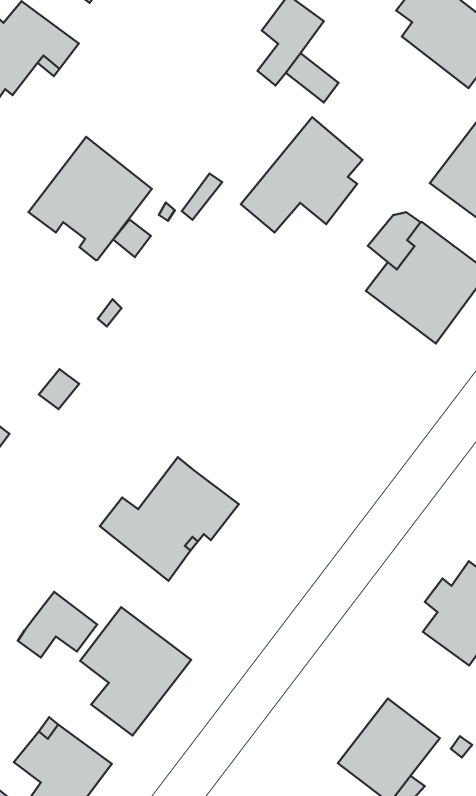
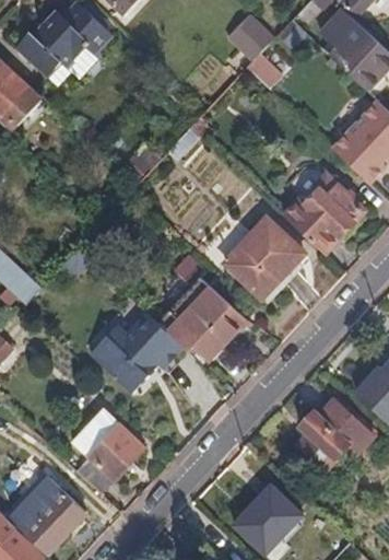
building: [241,117,363,232] -> none
building: [29,137,152,260] -> none
building: none -> [225,221,303,299]
building: none -> [160,256,247,361]
building: [18,592,97,657] -> none

